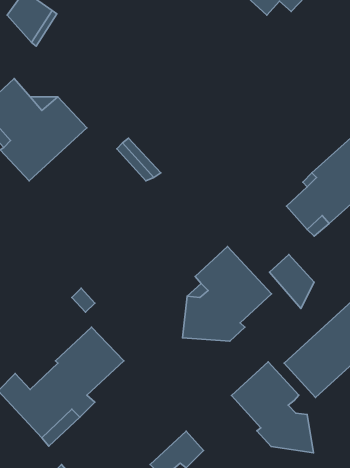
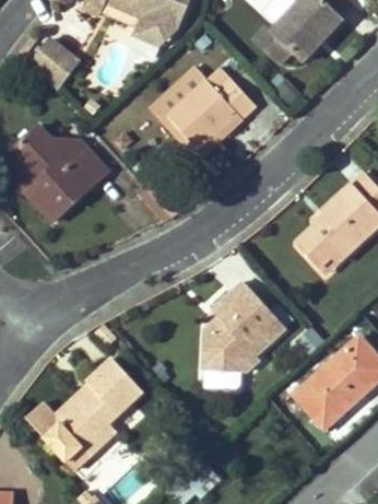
building: none -> [167,63,259,149]
building: [269,255,314,309] -> none
building: [231,362,314,453] -> none

